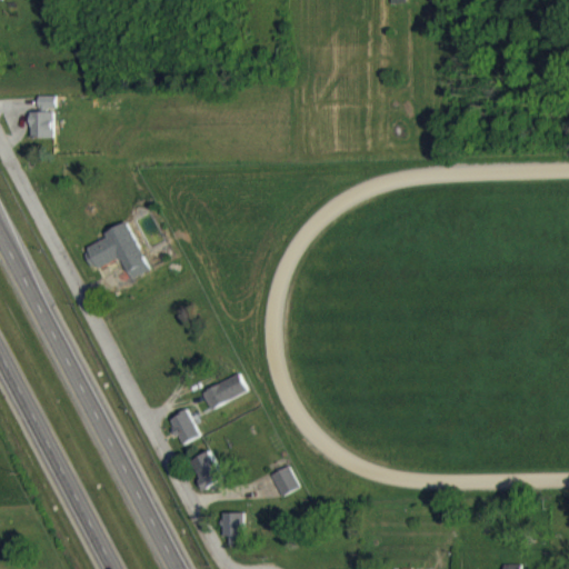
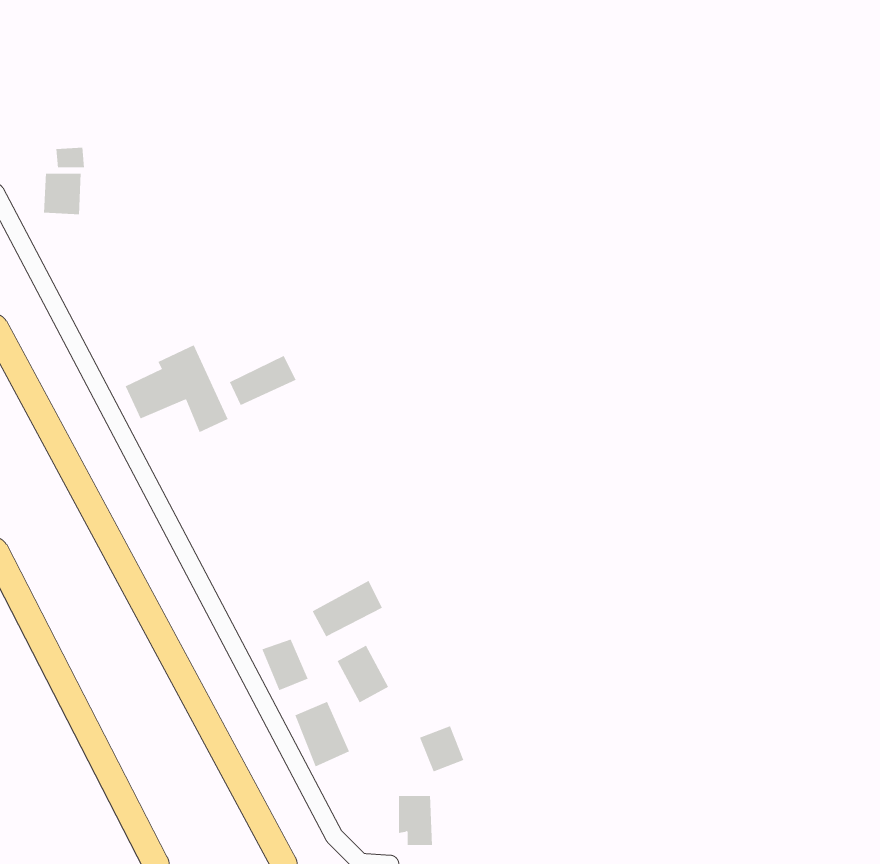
building: none -> [229,355,297,406]
building: none -> [337,645,389,703]
building: [221,512,243,545] -> [398,795,433,846]

